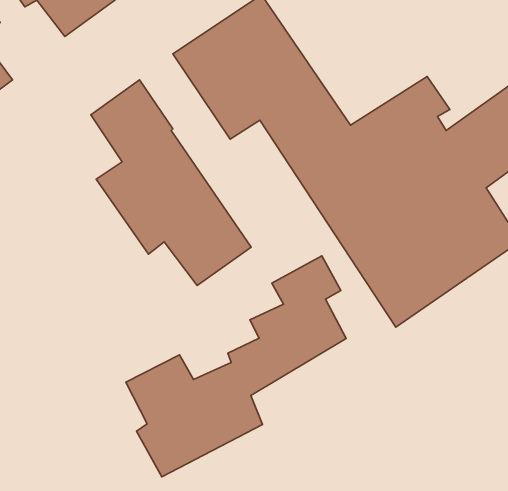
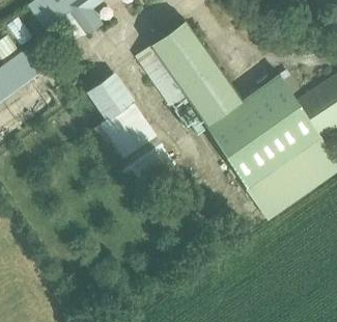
building: [126,256,346,477] -> none

